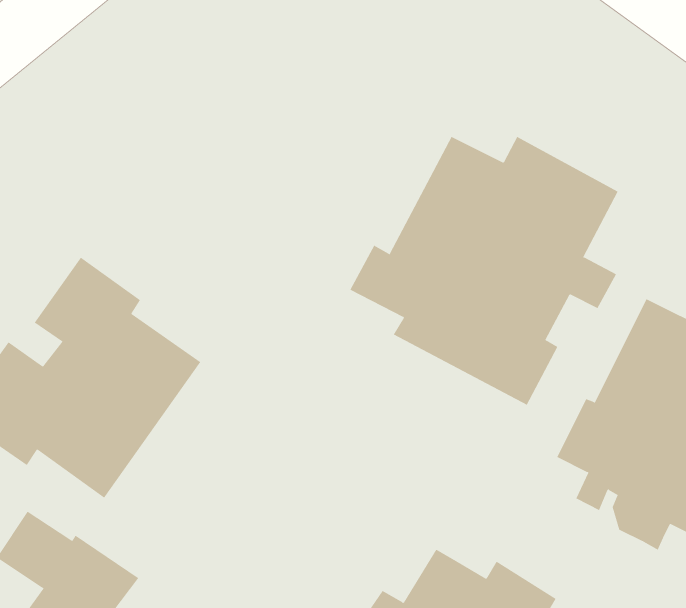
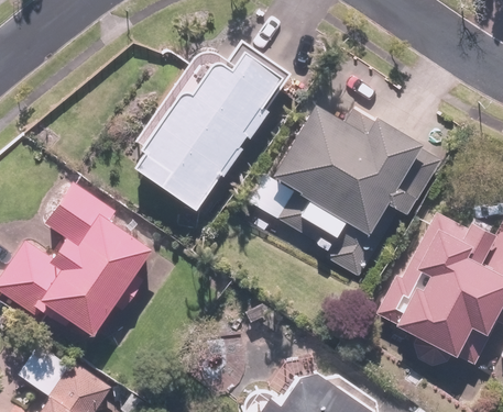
building: none -> [134,38,293,212]

